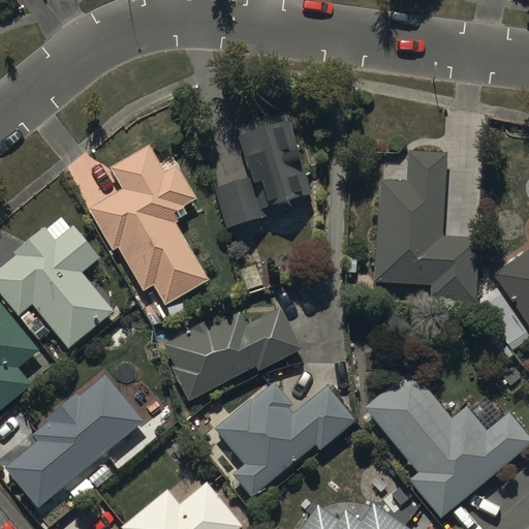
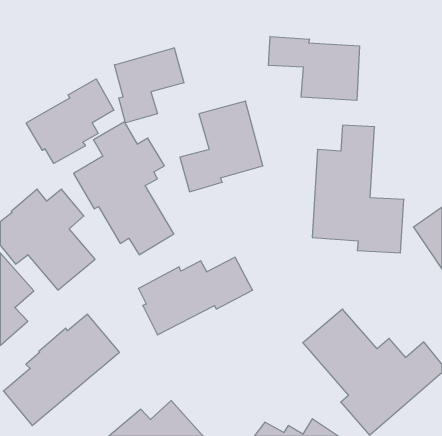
building: none -> [268,36,359,100]
building: none -> [114,48,184,123]
building: none -> [26,79,114,163]
building: [215,380,355,497] -> none

